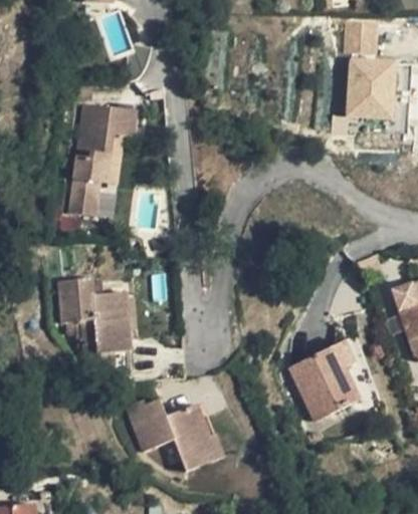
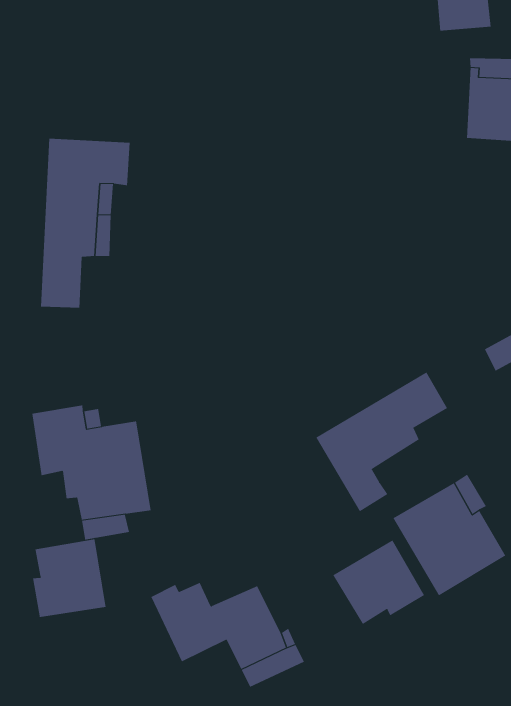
building: none -> [315,372,448,512]
building: none -> [33,538,106,618]
building: none -> [333,540,425,625]

